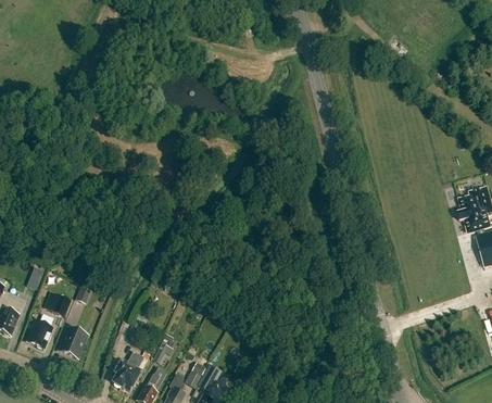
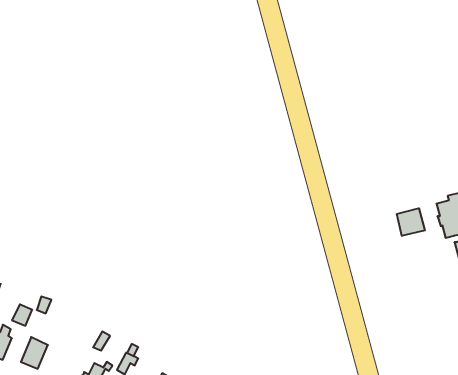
building: none -> [397,208,425,236]

